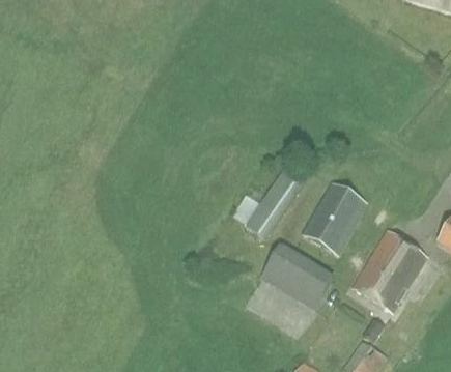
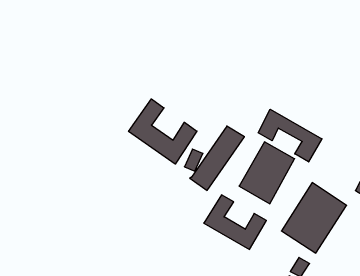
building: none -> [129,99,197,164]
building: none -> [258,109,322,162]

